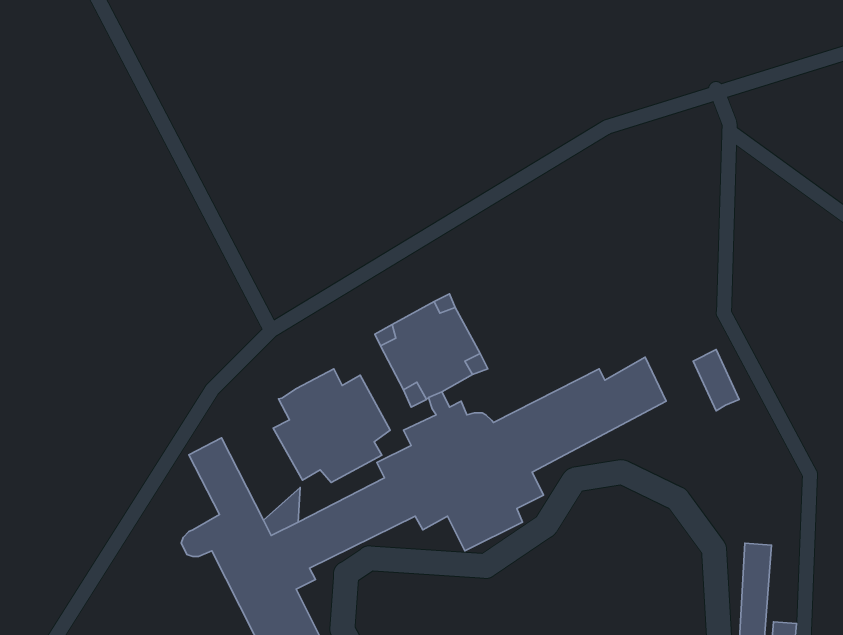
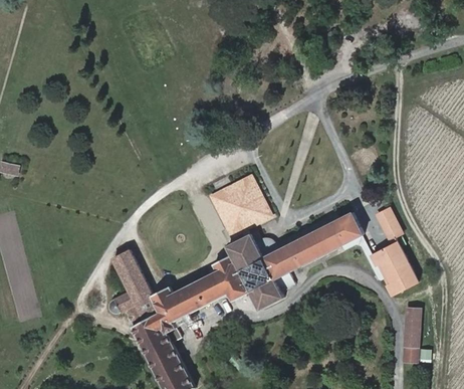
building: [273,369,390,483] -> none
building: none -> [371,239,415,293]

